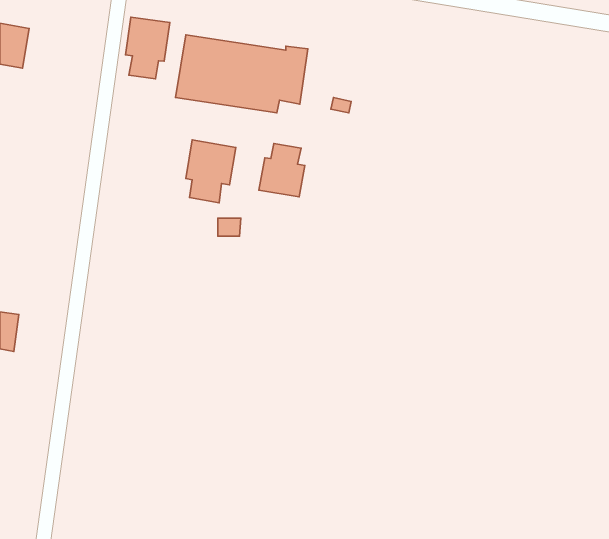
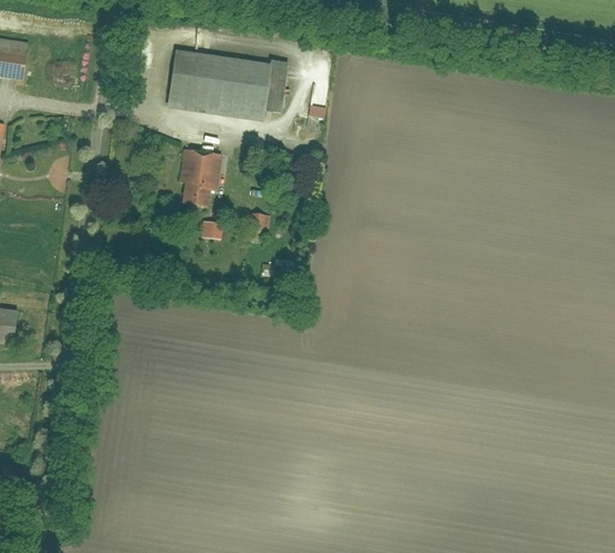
building: [125,17,170,79] -> none
building: [259,144,305,197] -> none

